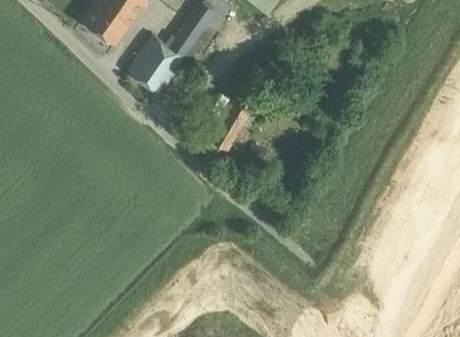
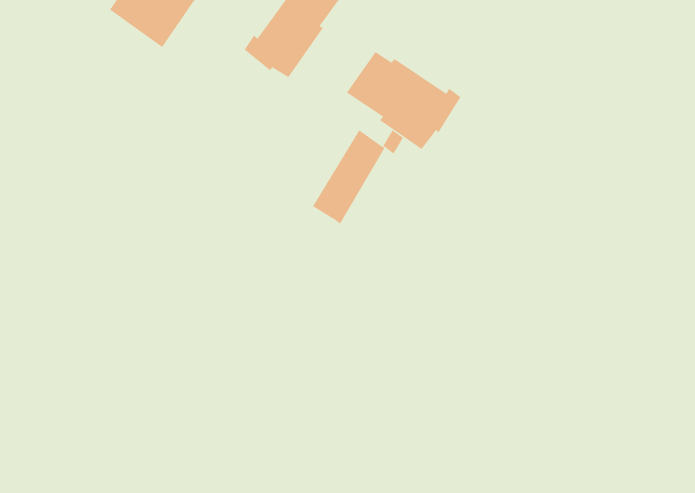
building: [127,36,182,93] -> none
building: none -> [346,51,461,150]

